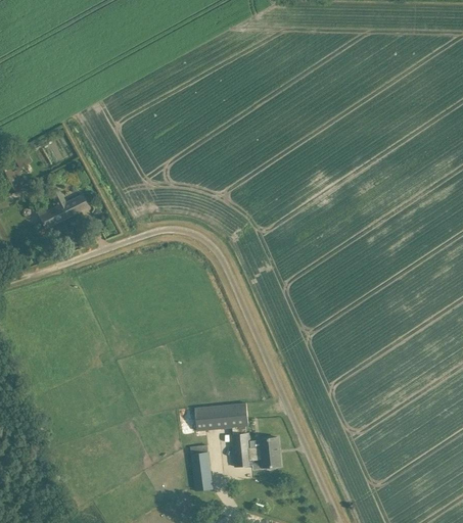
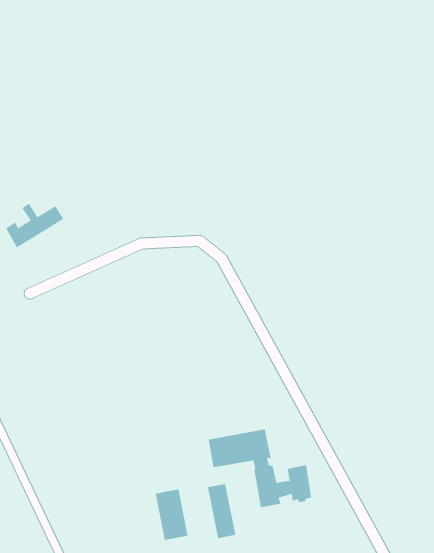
building: none -> [155,489,188,541]

